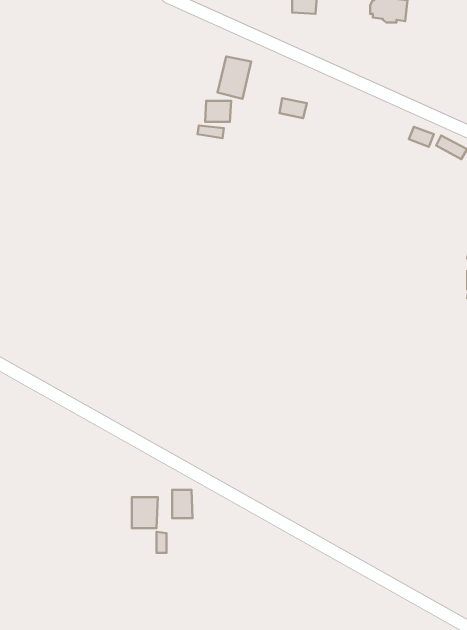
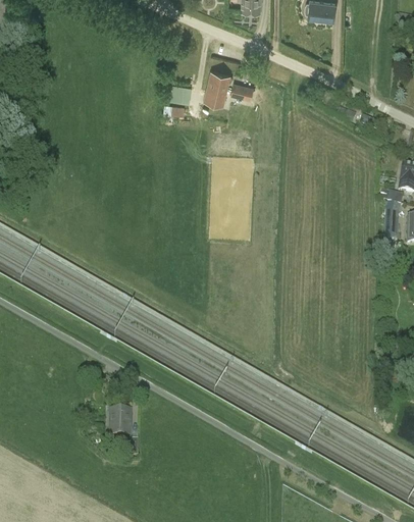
building: [218,56,251,99] -> [204,70,231,105]
building: [172,490,192,518] -> none

